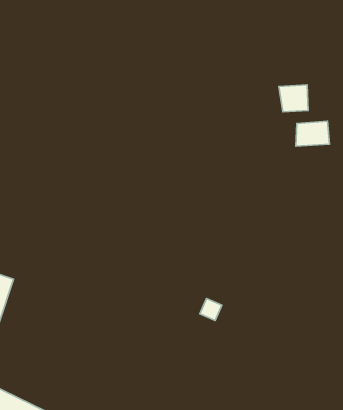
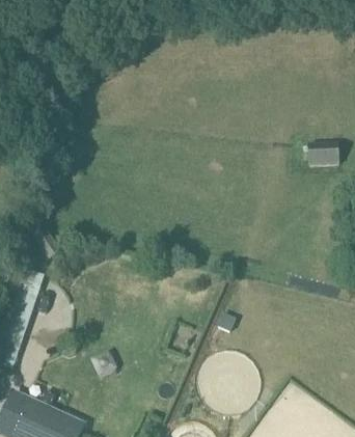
building: [279,85,308,112] -> none

